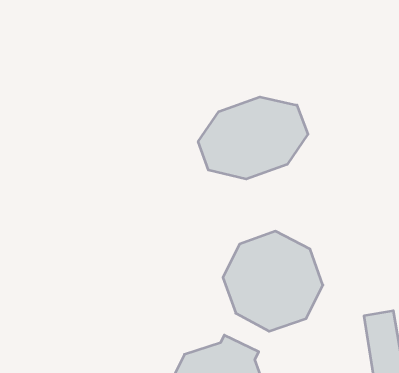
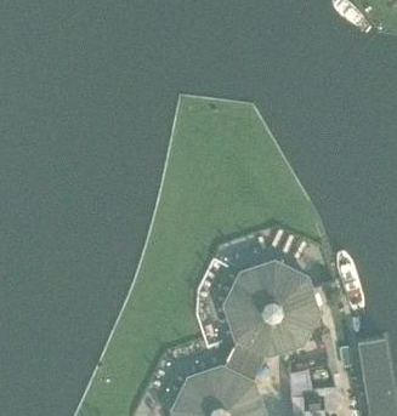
building: [198,97,308,179] -> none
building: none -> [225,338,267,375]

